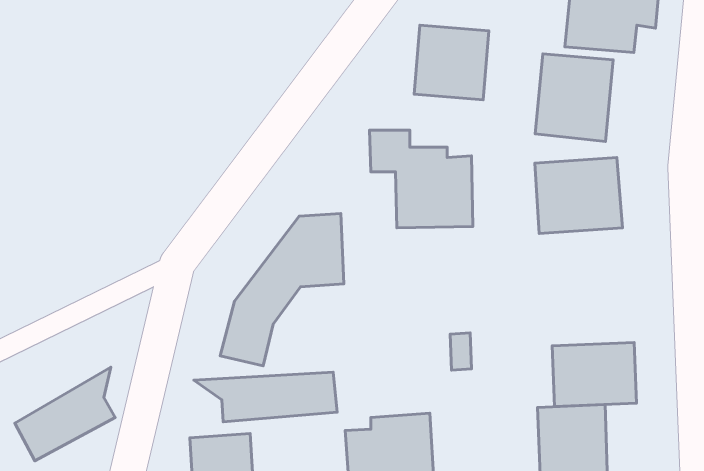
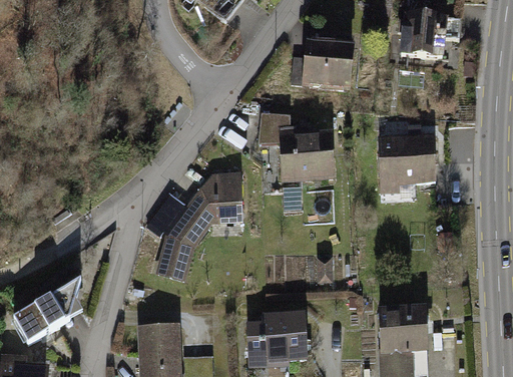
building: [535,54,613,142] -> none
building: [552,343,637,406] -> none
building: [194,372,337,422] -> none

